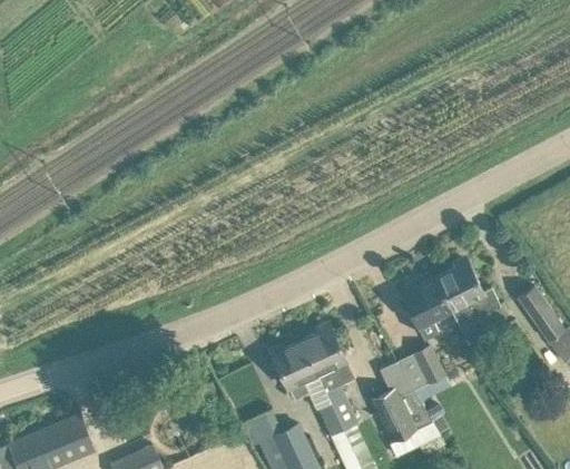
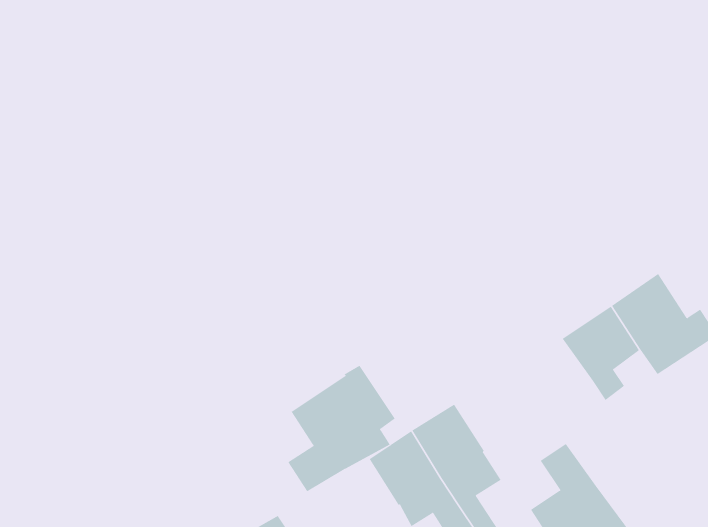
building: none -> [288,365,395,492]
building: [397,345,450,395] -> none

